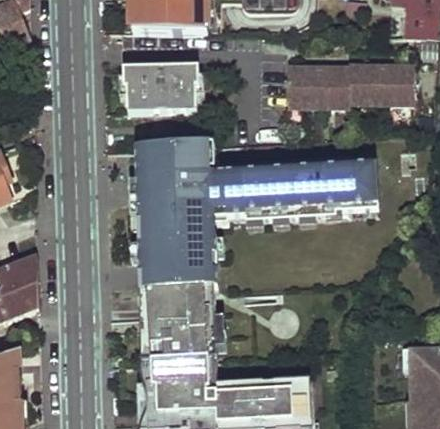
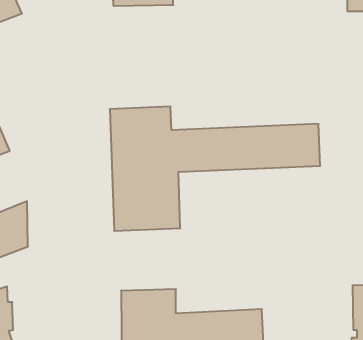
building: [288,64,414,106] -> none
building: [124,66,200,108] -> none
building: [138,286,211,358] -> none

